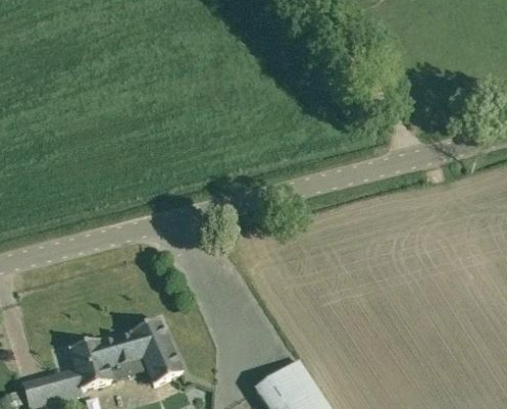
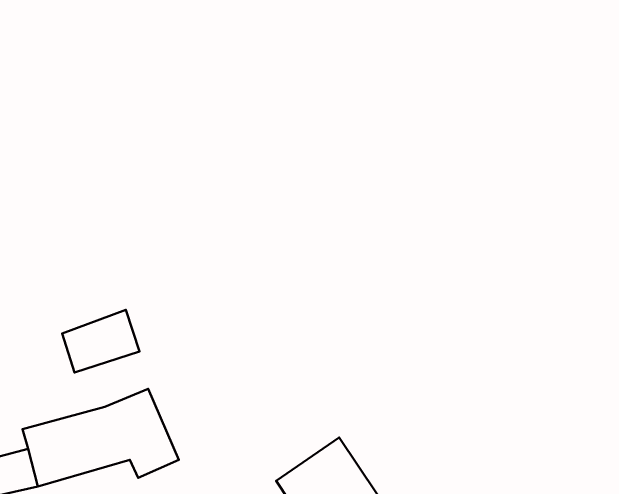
building: none -> [62,310,139,372]

